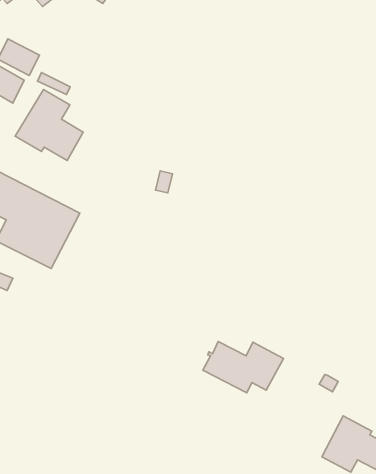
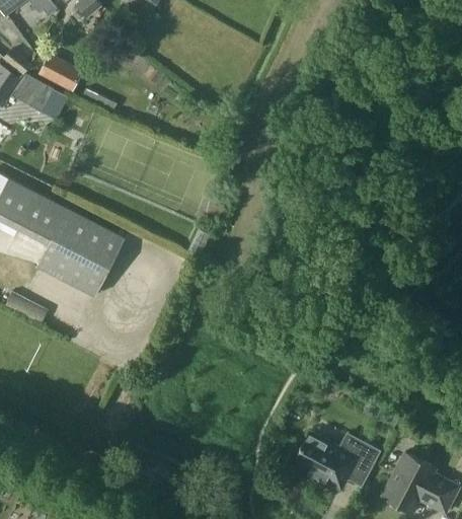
building: [15,89,83,160] -> none
building: [203,341,283,393] -> [293,434,378,489]

